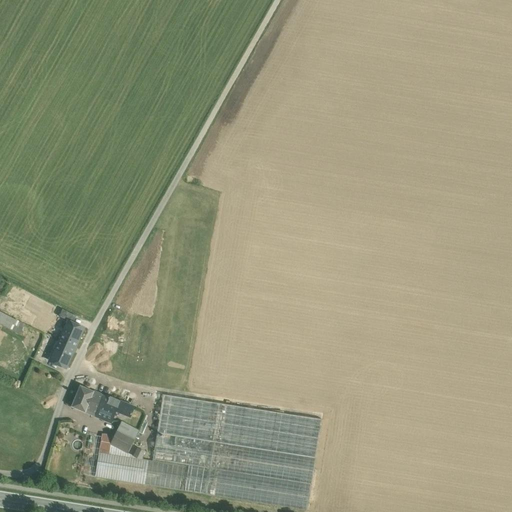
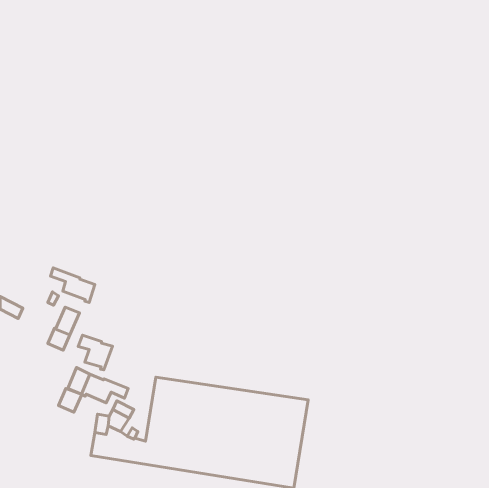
building: none -> [50,268,95,303]
building: none -> [78,335,112,370]
building: none -> [58,388,82,412]

